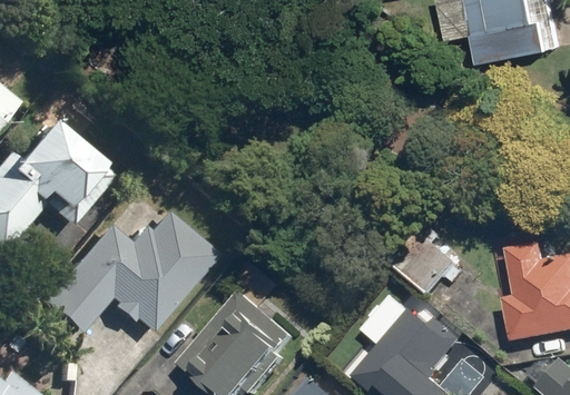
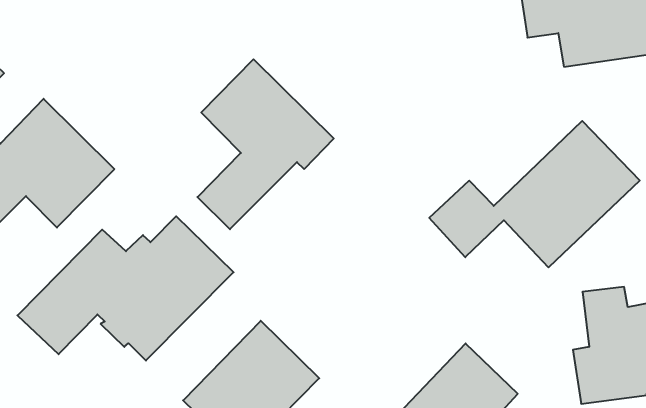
building: none -> [197,59,334,229]
building: none -> [429,121,640,267]
building: [393,233,456,295] -> none

